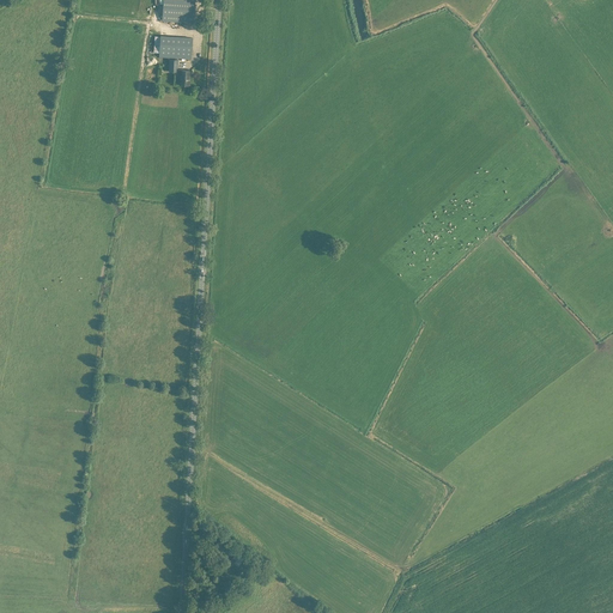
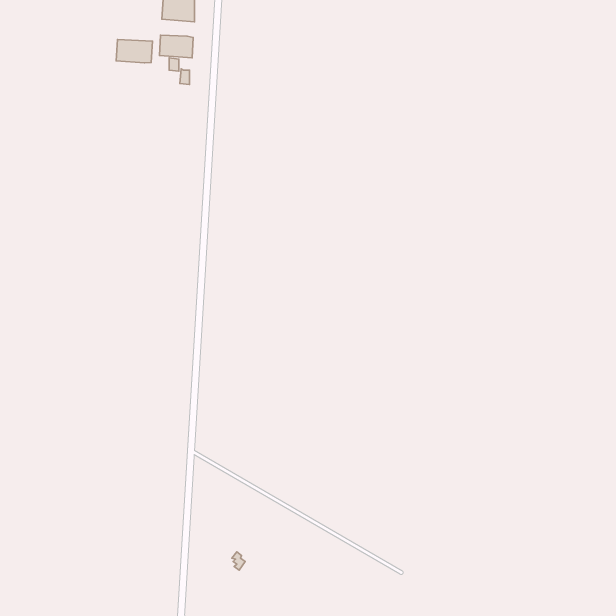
building: none -> [116,40,152,63]

